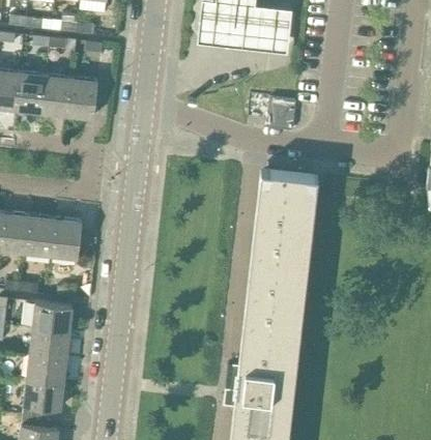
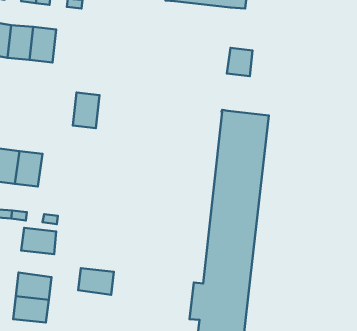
building: [69,78,99,118] -> [73,93,99,128]
building: [53,218,84,259] -> none
building: [31,328,71,358] -> [78,268,114,295]

